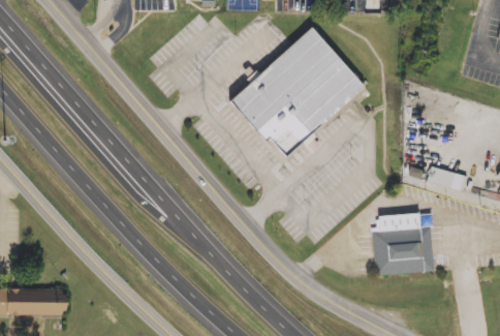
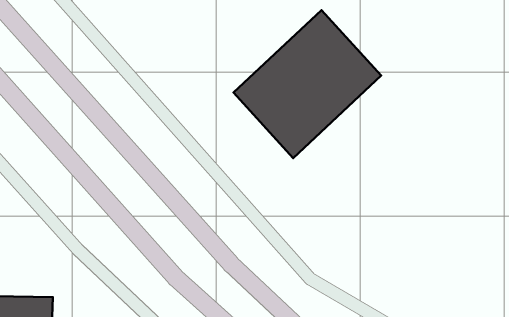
building: [429,166,469,190] -> none
building: [375,213,435,275] -> none

